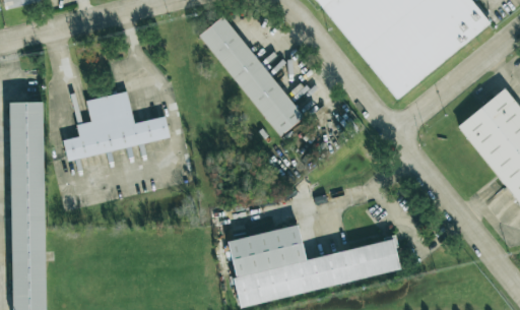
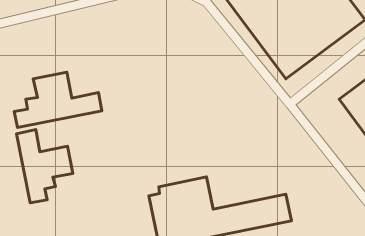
building: [200,16,304,136] -> none
building: none -> [16,130,73,203]

